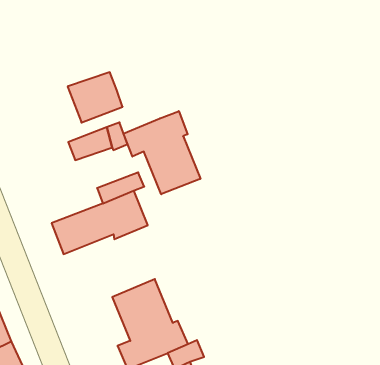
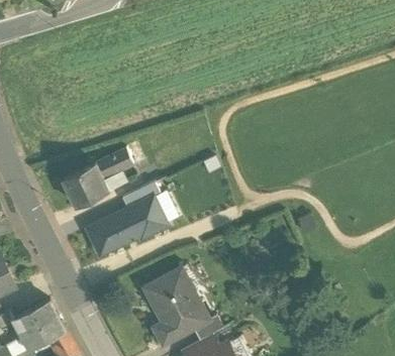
building: [68,72,123,123] -> [62,163,108,207]
building: [124,111,200,194] -> none

